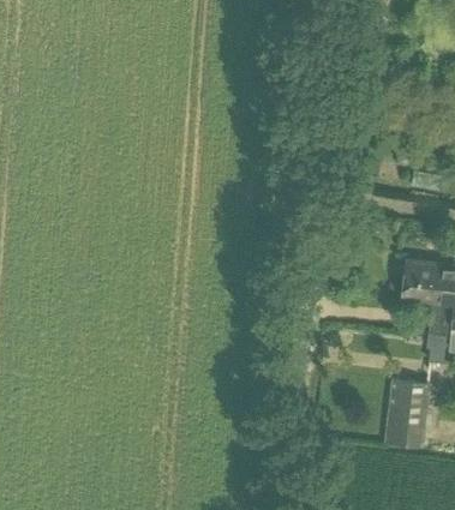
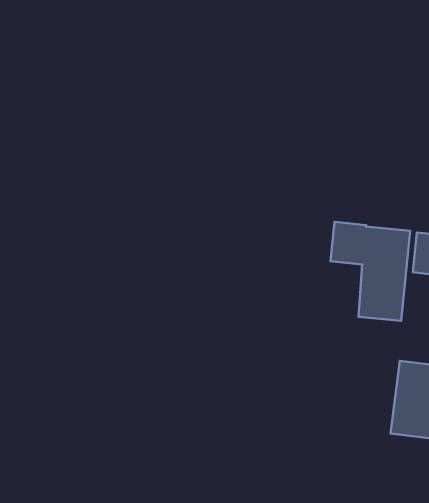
building: none -> [331,222,410,321]

